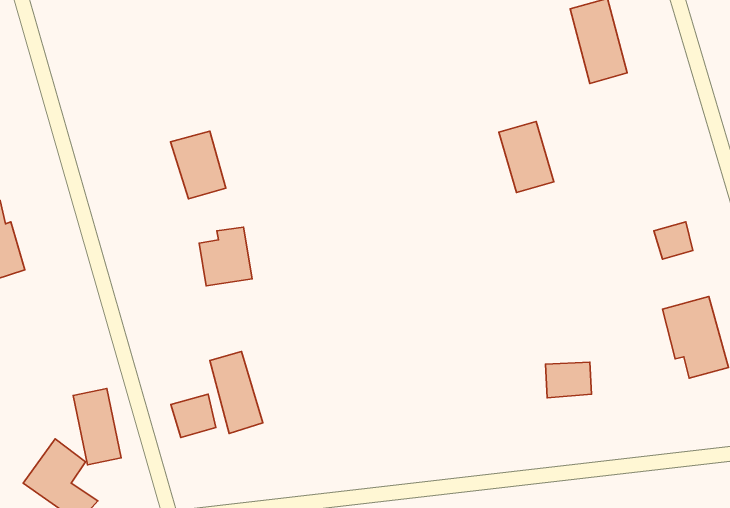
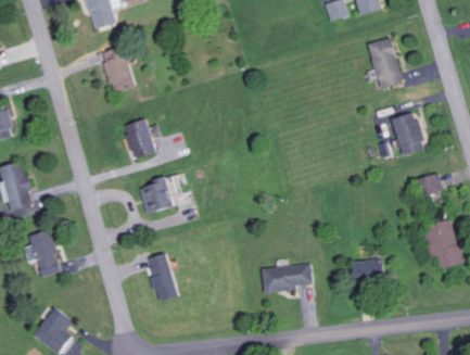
building: none -> [100,46,135,93]
building: [499,121,554,192] -> [392,112,425,155]
building: none -> [261,265,310,292]
building: [73,389,121,465] -> [29,230,59,277]
building: [171,394,216,437] -> none

